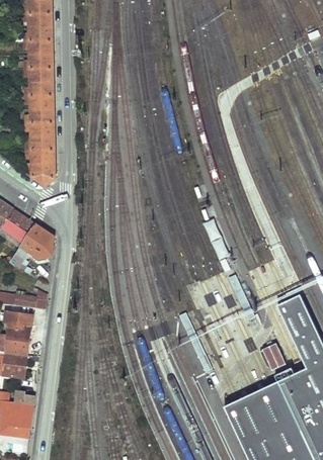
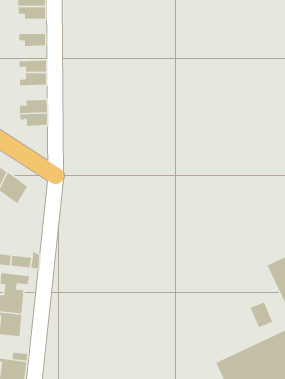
building: [24,53,53,67] -> none
building: [24,80,54,95] -> none
building: [25,120,54,135] -> none
building: [26,162,55,185] -> none
building: [11,224,53,270] -> none

